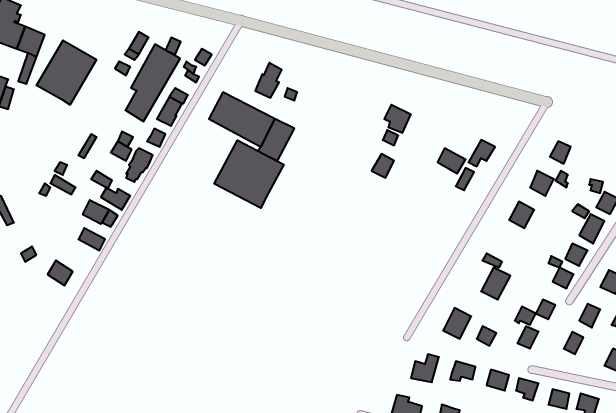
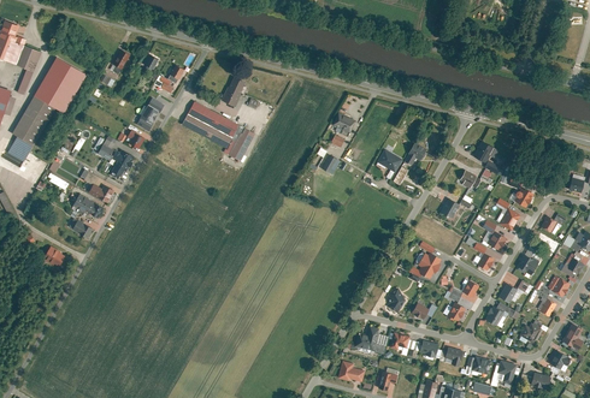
building: [125,44,180,121] -> [8,96,55,162]
building: [214,140,284,208] -> none

